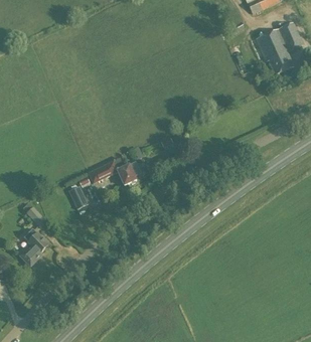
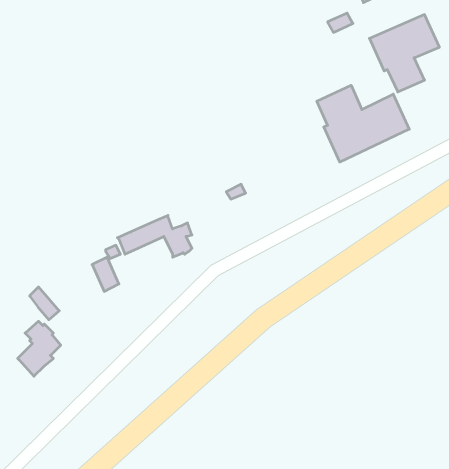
building: none -> [317,85,409,162]

